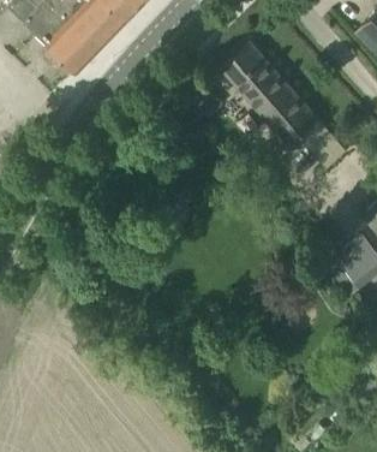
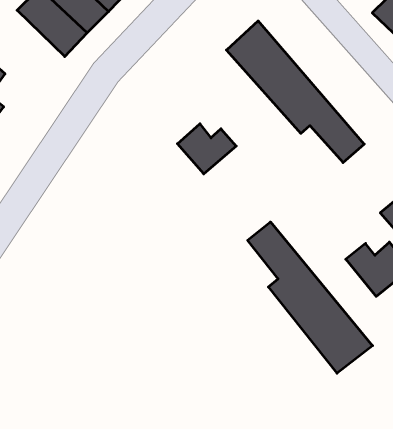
building: none -> [177,124,236,174]
building: none -> [248,222,373,373]

